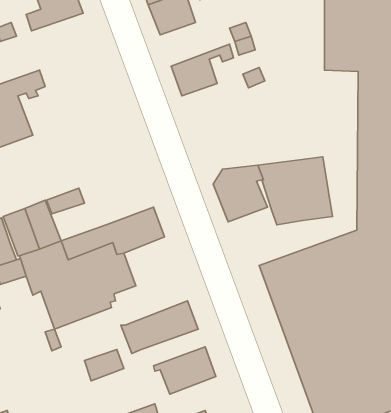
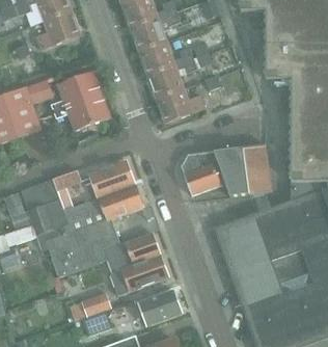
building: none -> [140,42,193,75]
building: none -> [52,70,111,129]
building: none -> [157,88,203,123]
building: none -> [89,159,135,196]
building: none -> [105,232,161,273]

